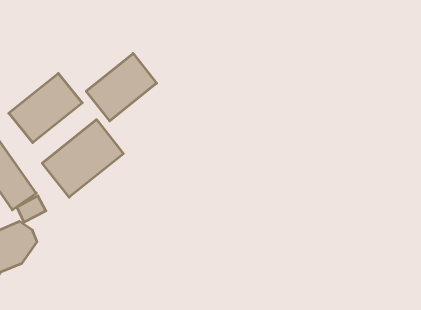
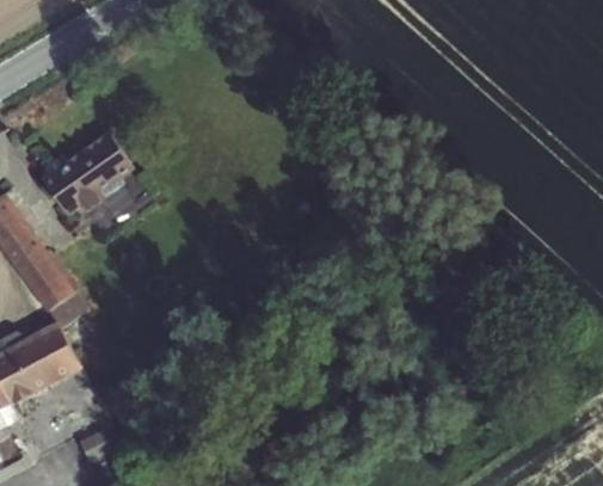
building: [86,53,157,121] -> none
building: [42,120,123,197] -> none

